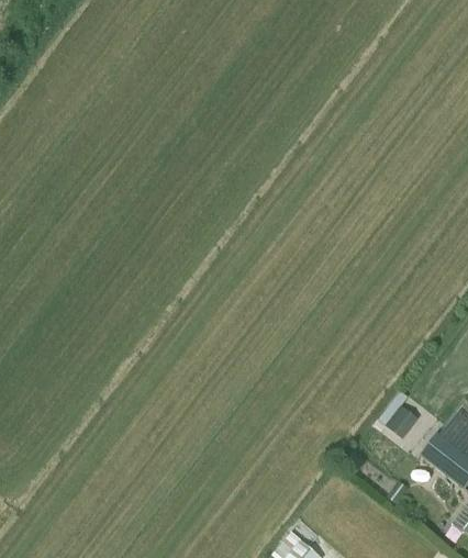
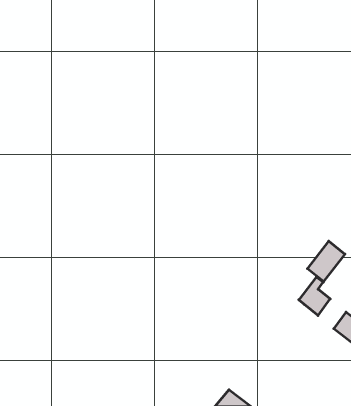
building: none -> [307,241,345,282]

